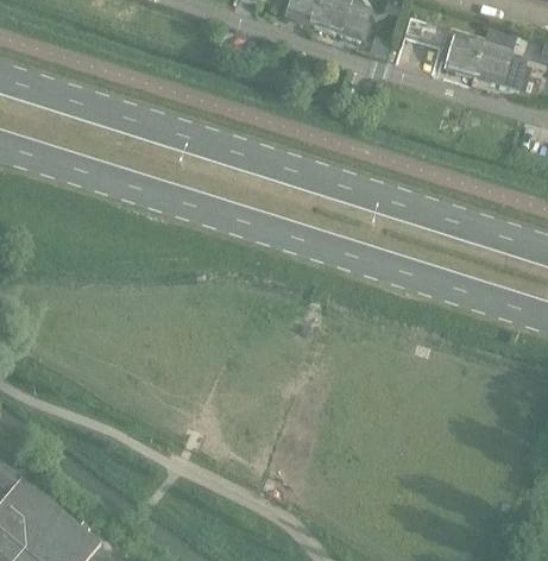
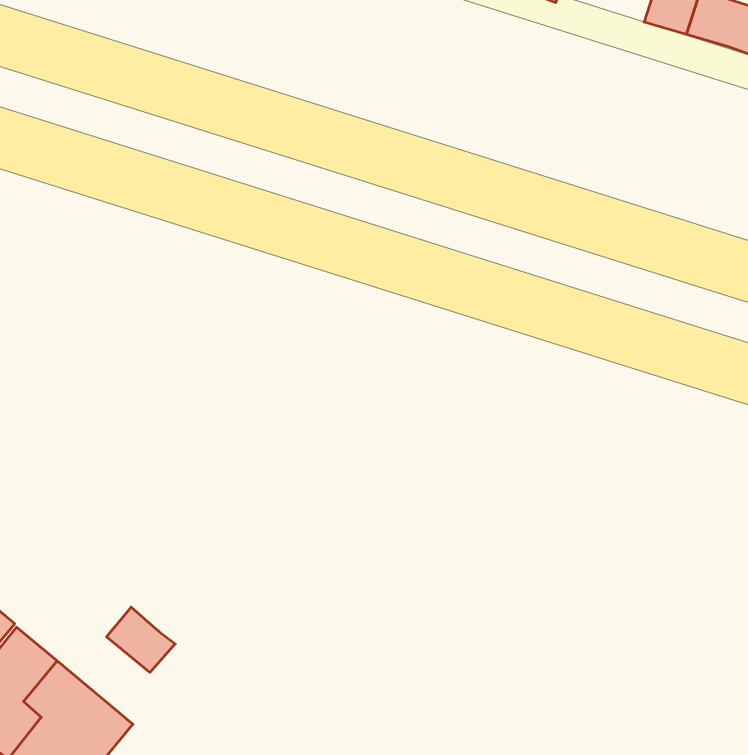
building: none -> [107,607,175,672]

